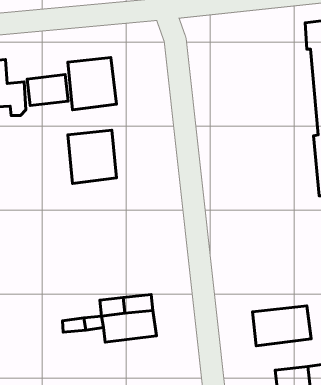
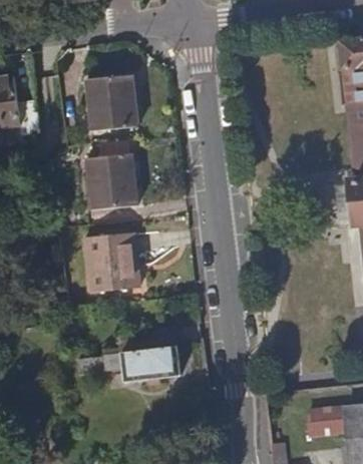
building: [27,75,68,106] -> none
building: none -> [84,230,138,293]
building: [253,306,311,346] -> none

